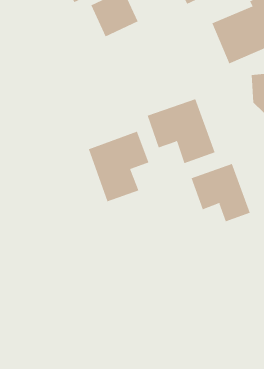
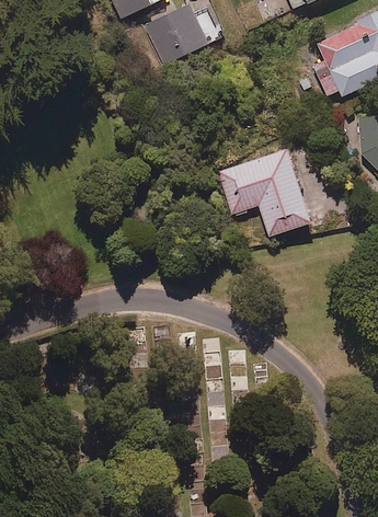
building: [88,131,149,202] -> none
building: [191,163,250,222] -> none

